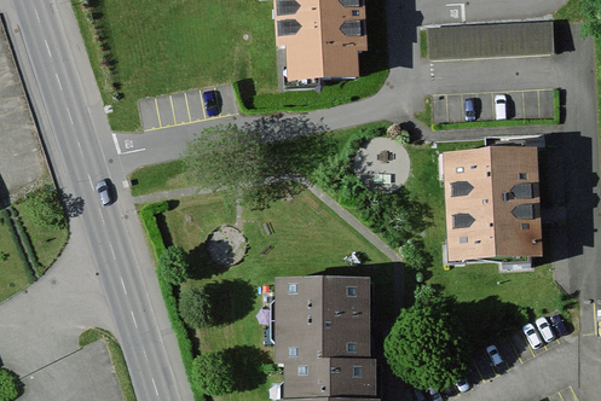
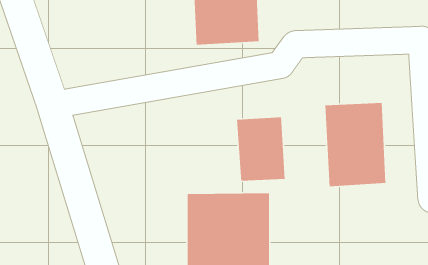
building: [435,24,560,60] -> none
building: none -> [236,116,285,182]

